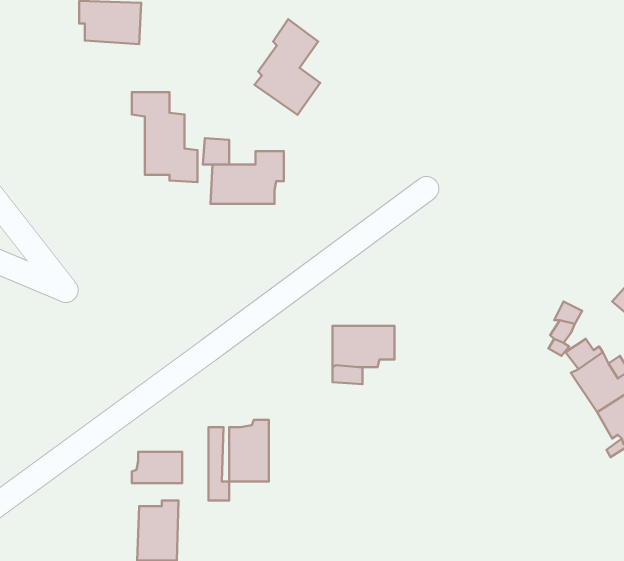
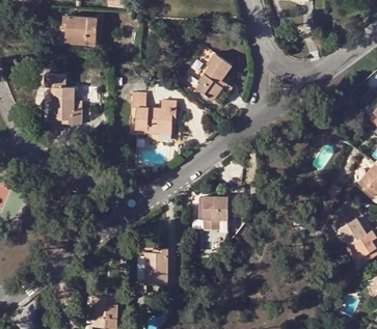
building: [254,19,320,115] -> [195,53,232,106]
building: [132,92,198,182] -> [45,76,81,126]
building: [132,452,182,483] -> none

